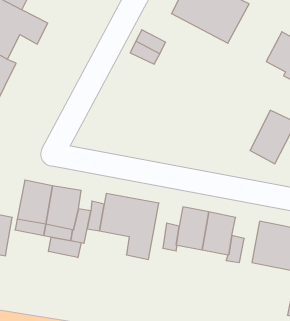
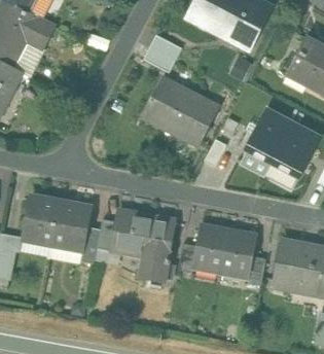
building: none -> [143,78,217,144]
building: none -> [244,107,293,164]
building: [48,237,81,258] -> none

